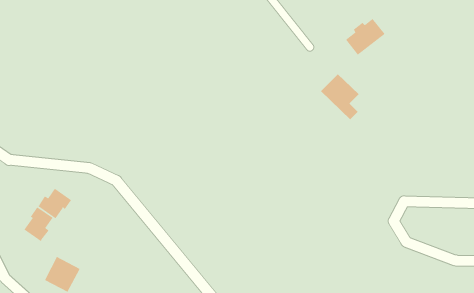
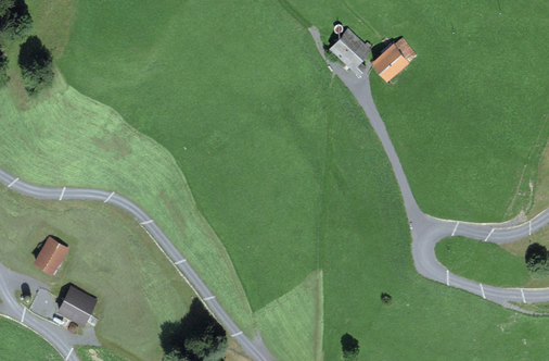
building: [320,74,359,120] -> [329,29,370,78]
building: [37,188,72,219] -> none

